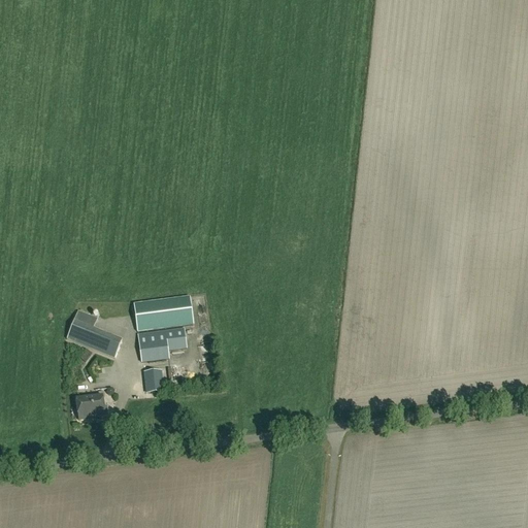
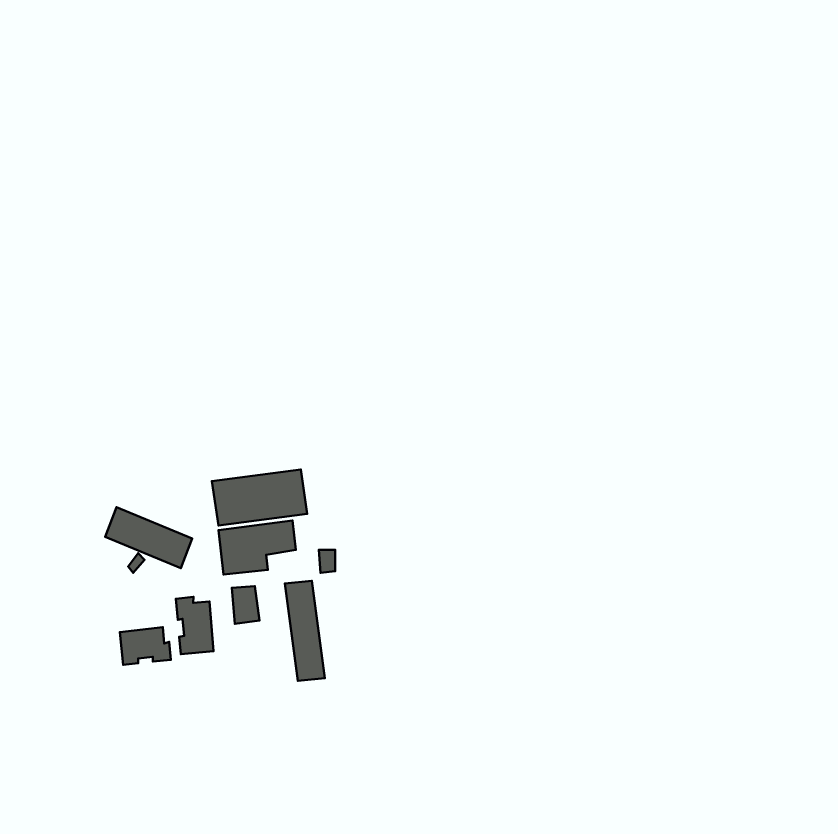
building: none -> [285,581,325,681]
building: none -> [176,597,213,654]

